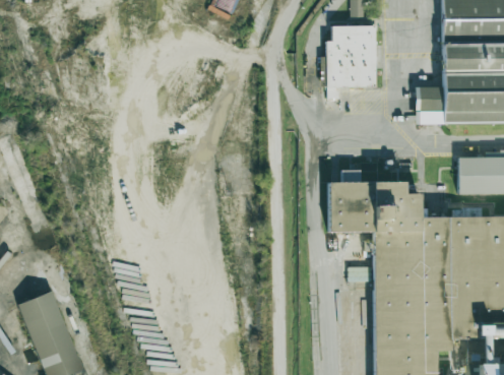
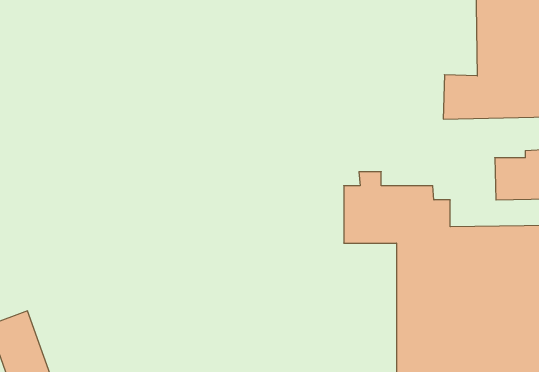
building: [327,25,377,99] -> none

